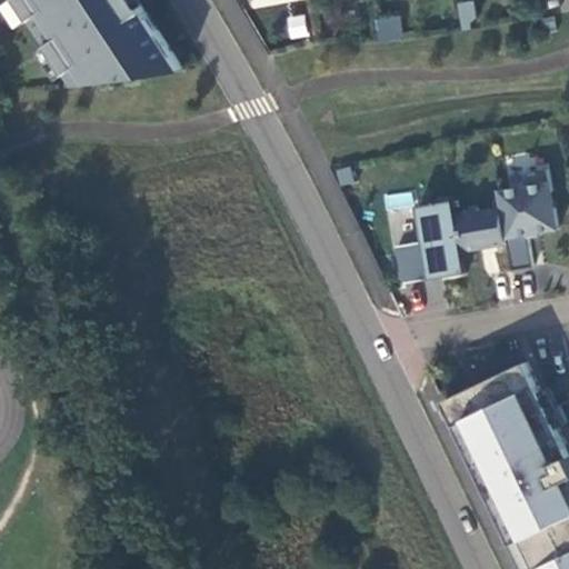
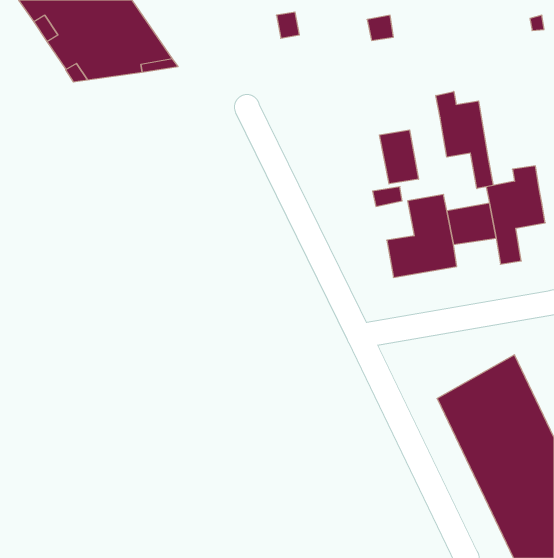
building: none -> [436,91,493,189]
building: none -> [380,130,418,184]

